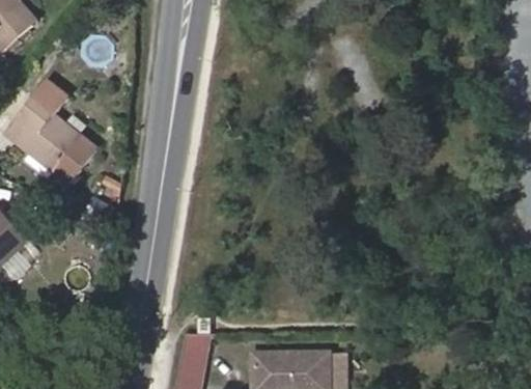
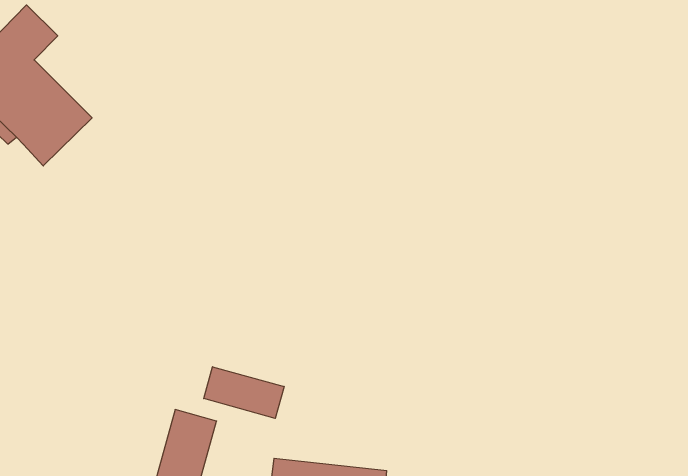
building: none -> [204,367,284,418]

